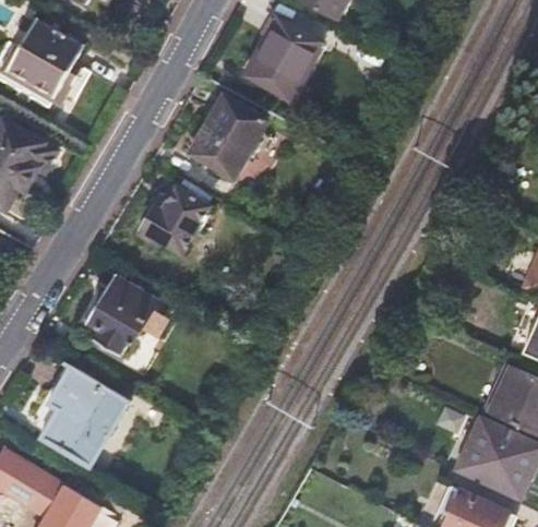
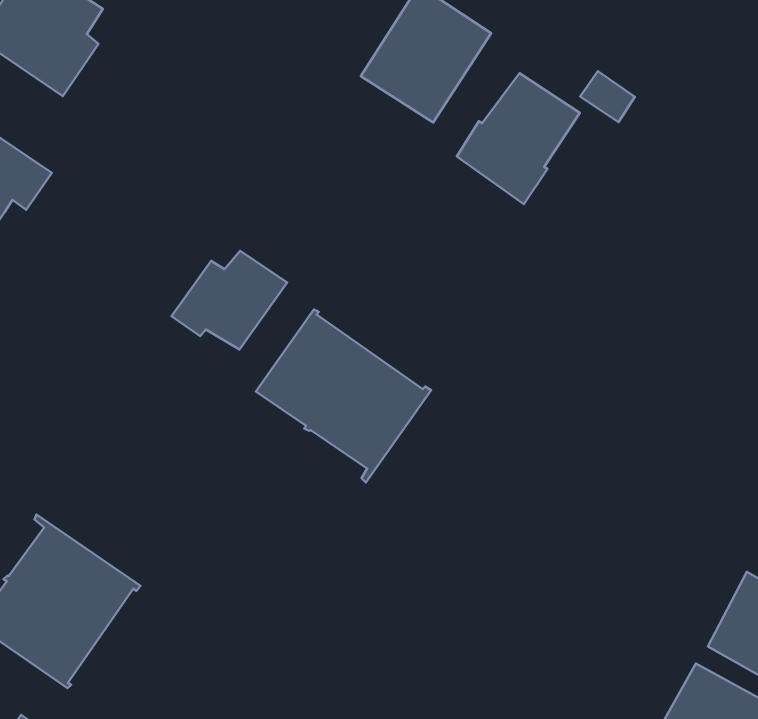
building: [191,97,265,178] -> [457,73,580,204]
building: none -> [256,310,431,483]
building: [85,273,157,354] -> none

